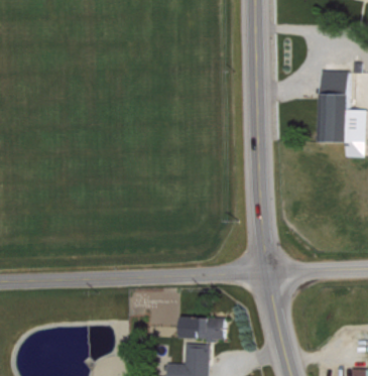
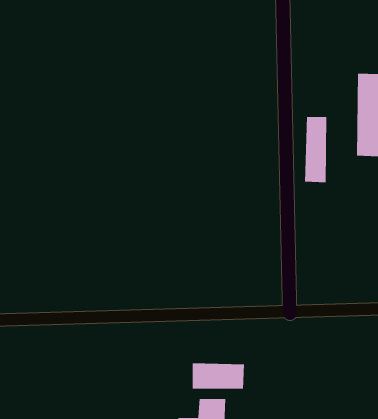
building: none -> [304,116,327,183]

